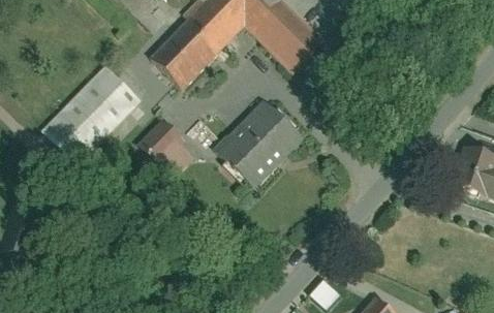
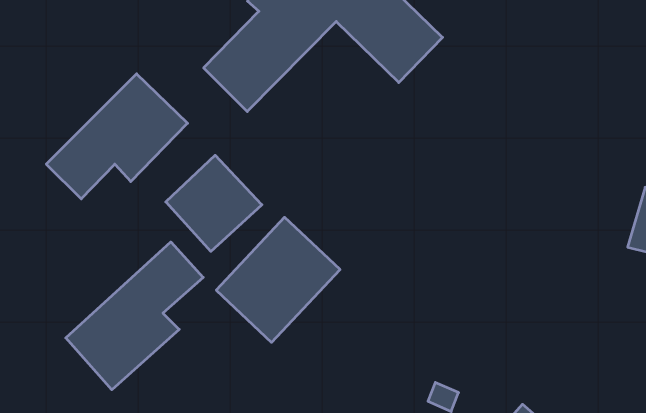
building: [215,101,303,190] -> [216,217,340,342]
building: none -> [66,242,203,390]

